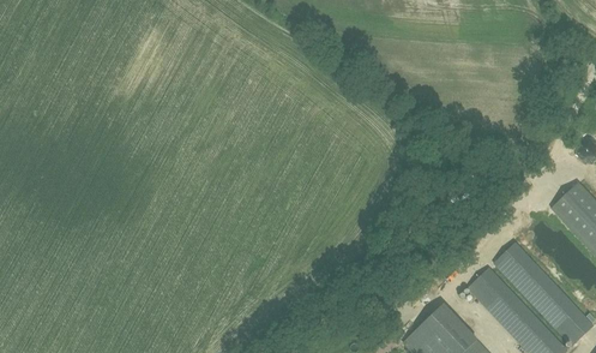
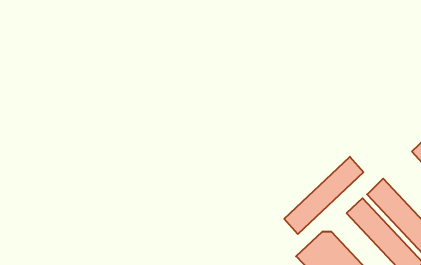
building: none -> [284,157,363,234]

